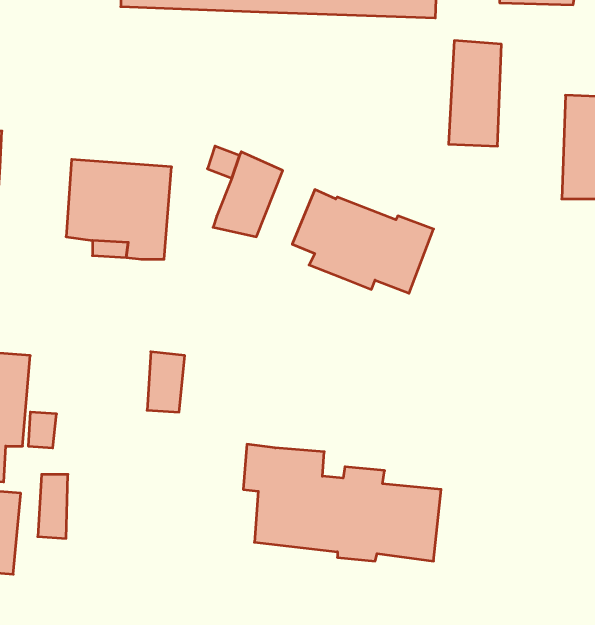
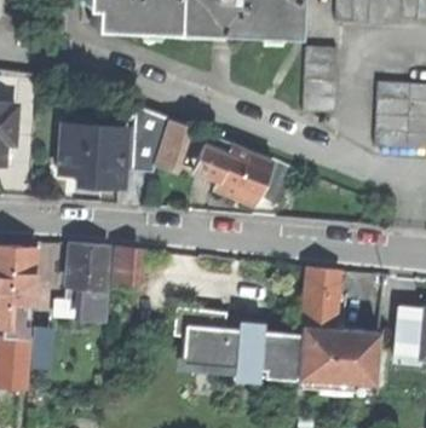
building: none -> [65,243,106,323]
building: none -> [295,268,380,393]

